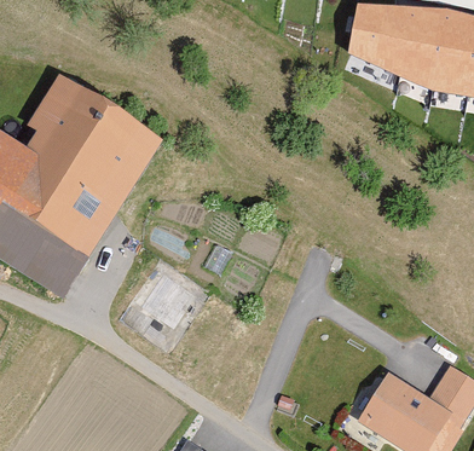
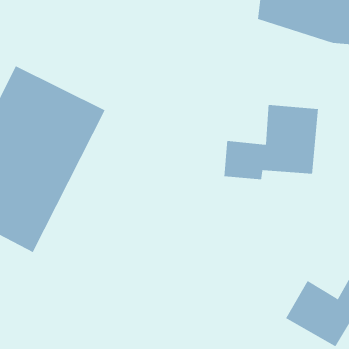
building: none -> [224,104,319,180]

